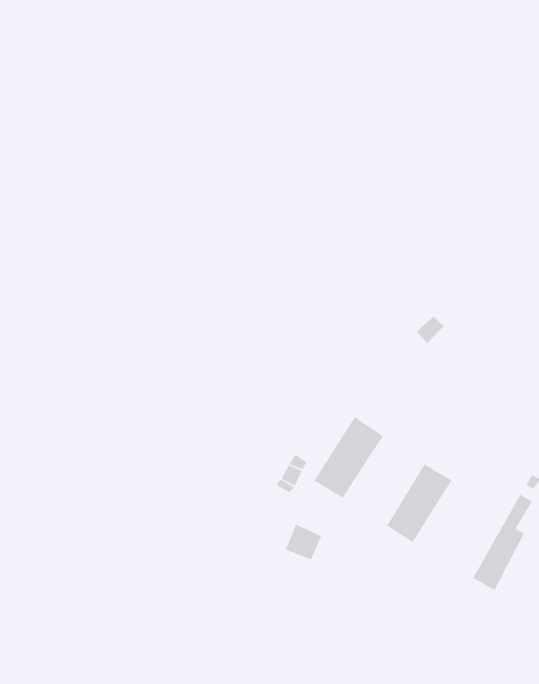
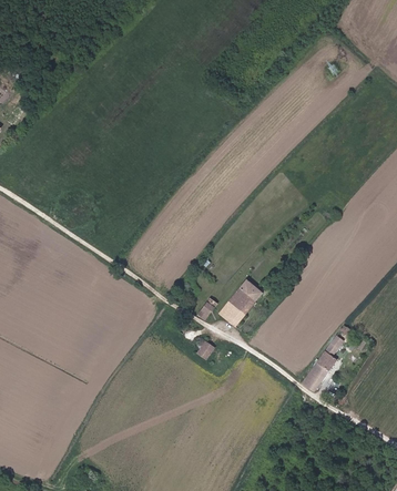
building: [386,463,452,543] -> none

